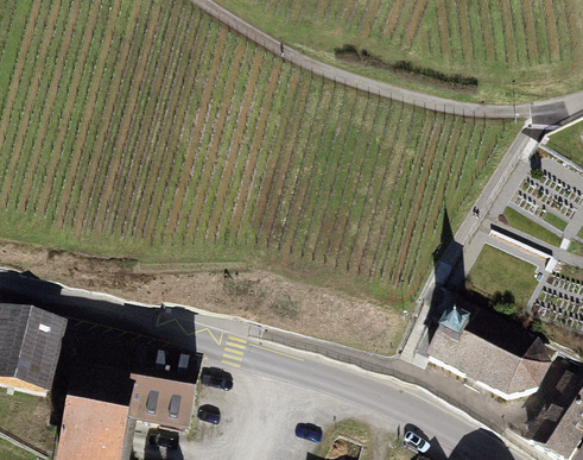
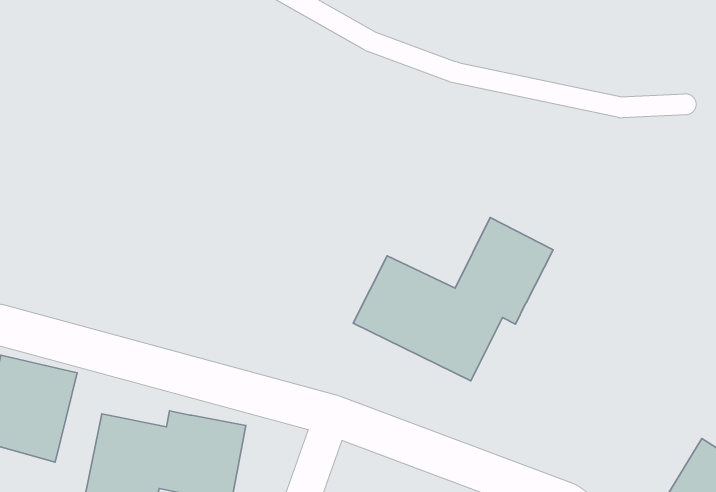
building: none -> [353,218,553,381]
building: [430,302,547,397] -> none

